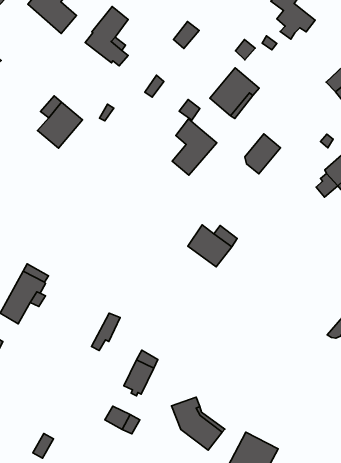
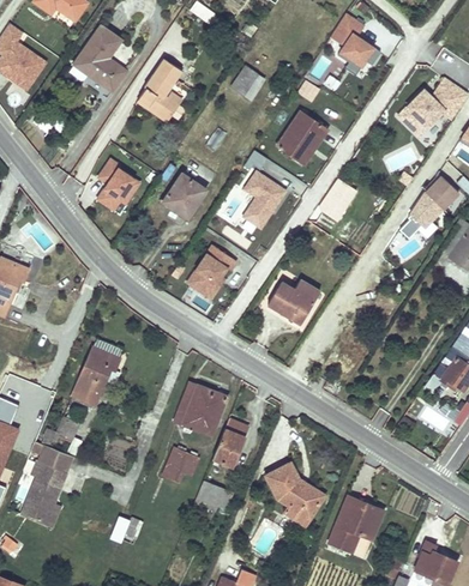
building: none -> [163,174,205,217]
building: none -> [184,241,236,300]
building: none -> [184,387,228,436]
building: none -> [162,447,198,482]

